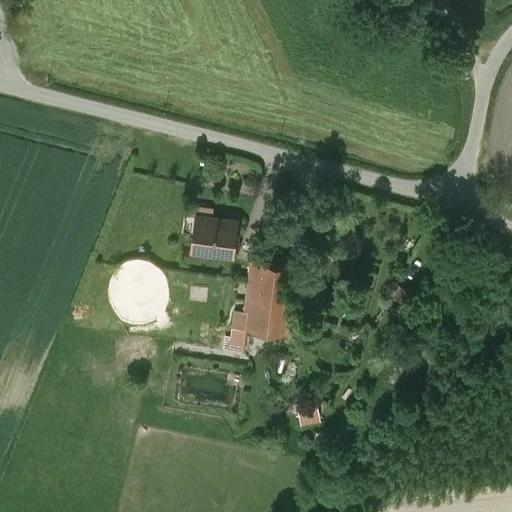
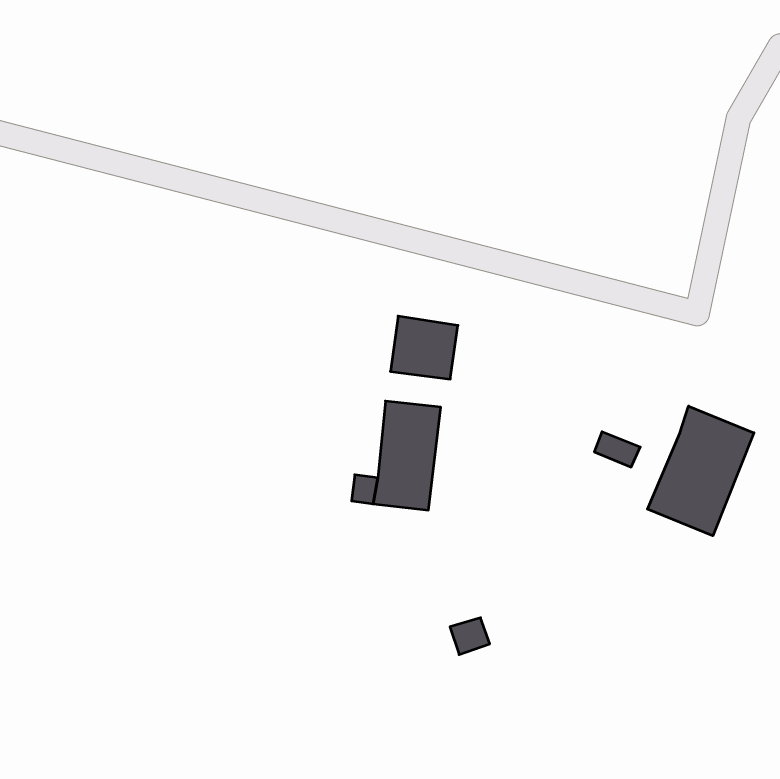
building: [190,217,234,258] -> [390,316,458,379]
building: none -> [647,406,754,536]

